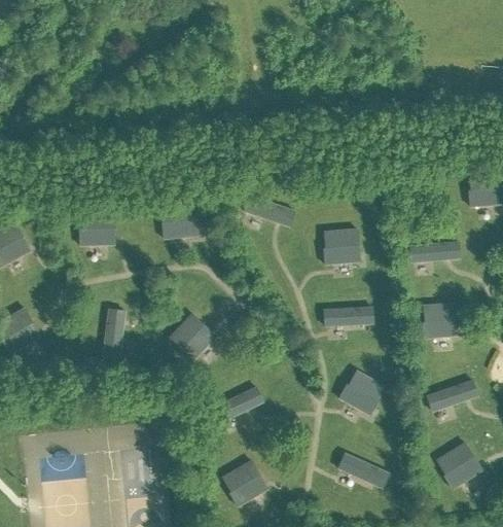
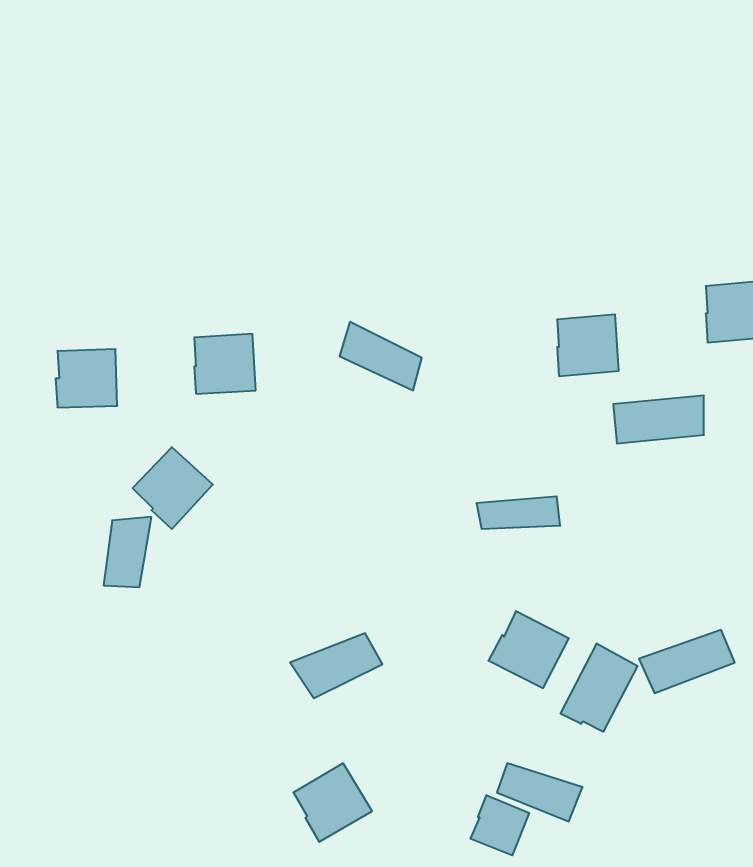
building: [322,227,359,265] -> [557,315,619,376]
building: [421,302,459,338] -> none
building: [167,313,215,362] -> [133,447,213,529]
building: none -> [561,643,638,732]
building: [435,442,482,490] -> none
building: none -> [470,795,529,855]

